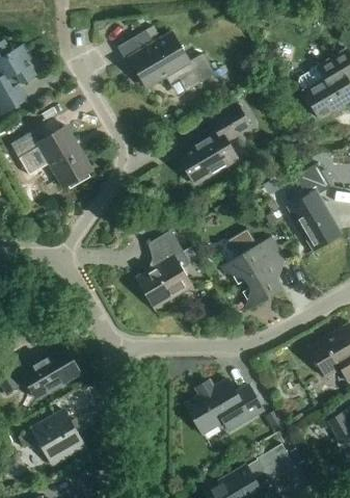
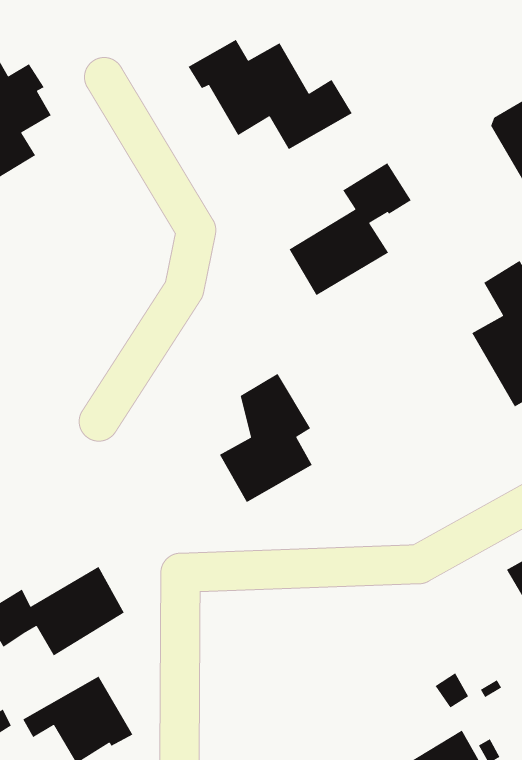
building: [11,126,92,188] -> none
building: [221,230,286,311] -> none
building: [186,379,263,434] -> none

